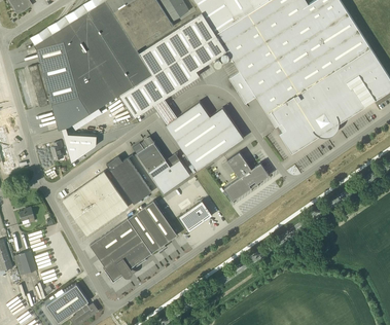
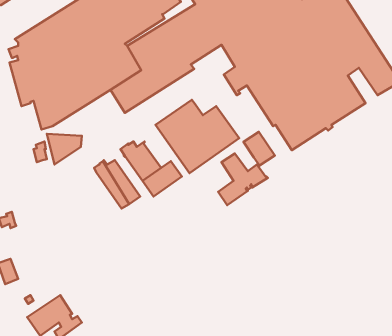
building: none -> [244,132,275,166]
building: [64,172,128,234] -> none
building: [175,200,212,233] -> none
building: [90,201,178,283] -> none

